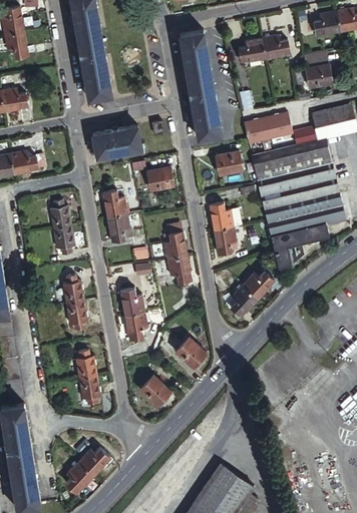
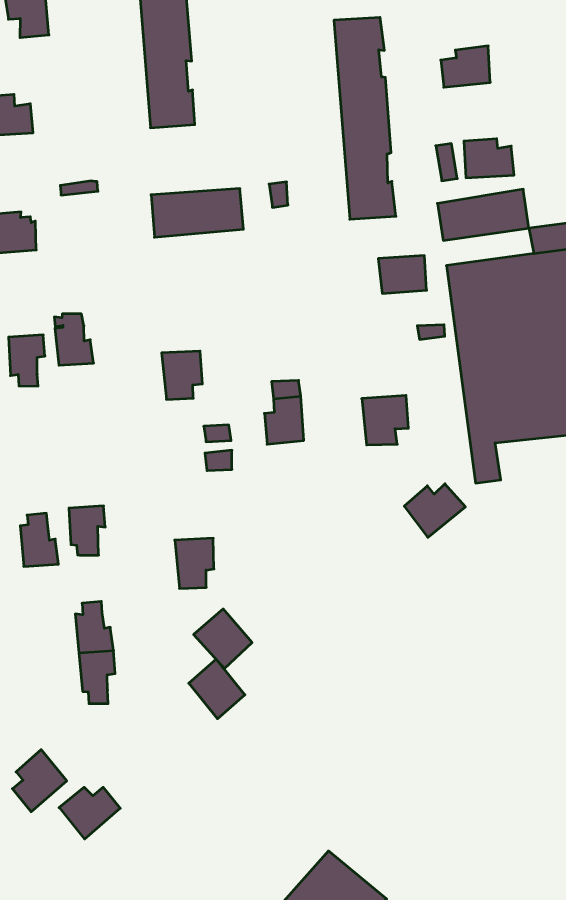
building: [262,35,290,57] -> [464,139,514,178]
building: [148,166,174,190] -> none
building: [103,188,127,216] -> none
building: [211,202,245,229] -> none
building: [54,225,74,253] -> [9,335,45,386]
building: [167,254,192,288] -> none
building: [63,274,85,303] -> [20,513,58,566]
building: [229,284,257,316] -> none
building: [120,288,144,314] -> none
building: [172,336,204,367] -> [194,609,252,669]
building: [65,460,93,493] -> [12,750,67,812]

